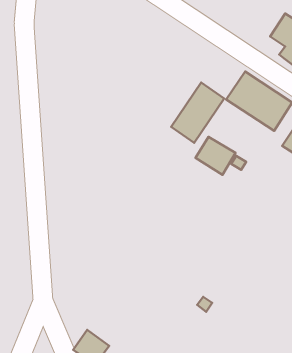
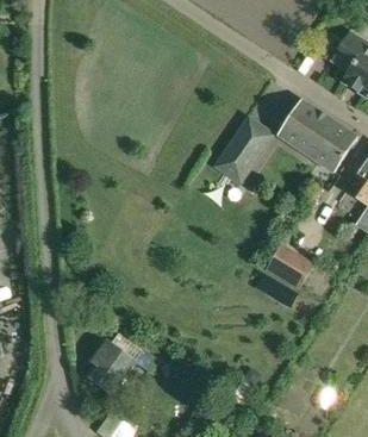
building: [195,137,235,175] -> [266,244,313,289]
building: none -> [87,338,136,393]

